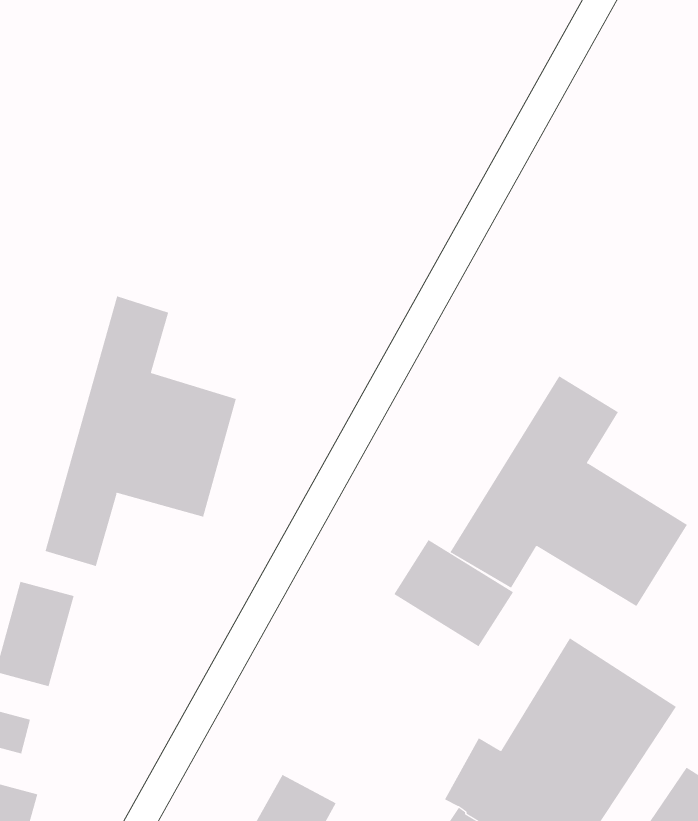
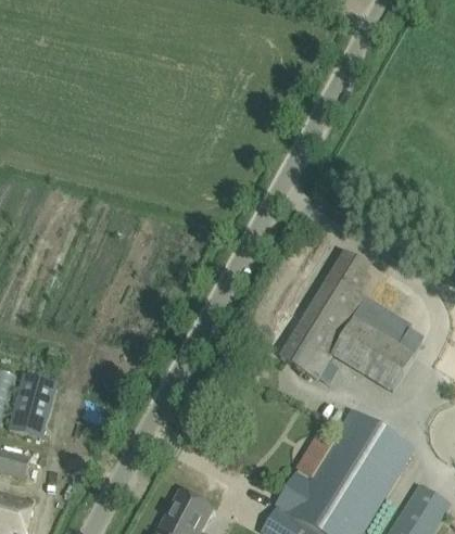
building: [45,296,237,567] -> none
building: [393,539,514,647] -> none

